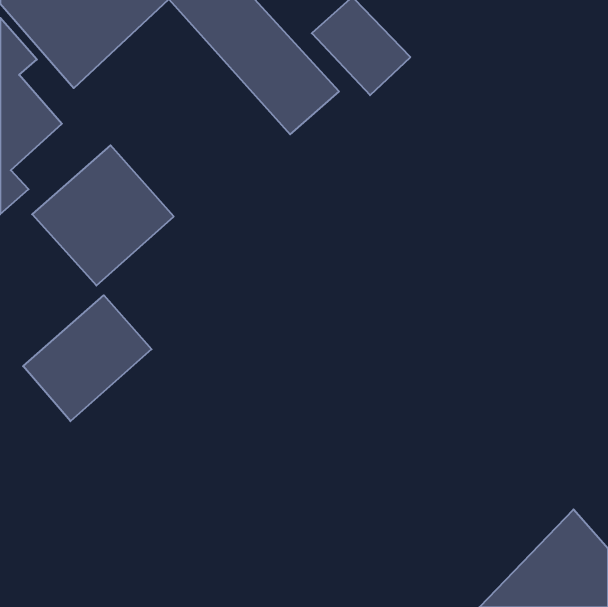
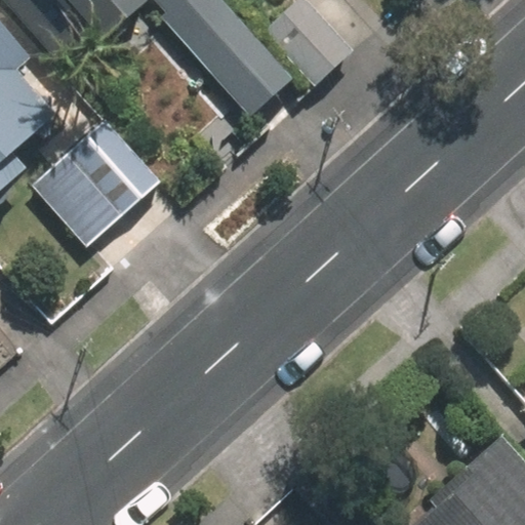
building: [23,295,152,421] -> none

